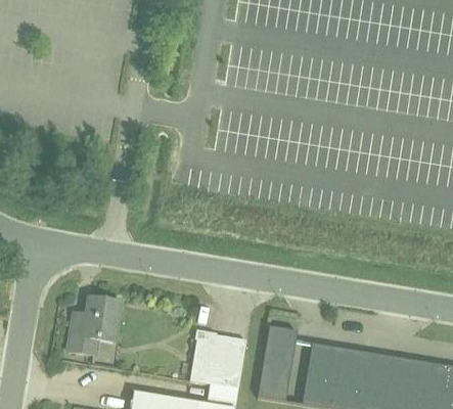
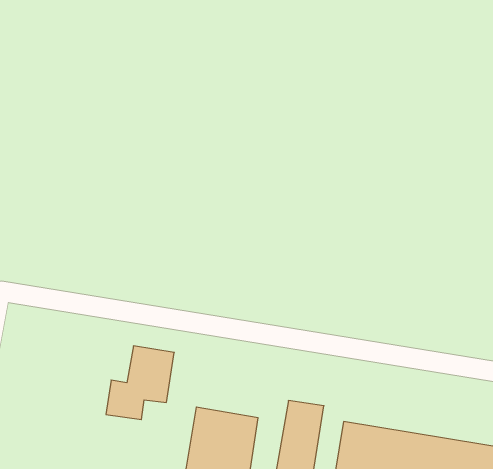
building: [67,298,121,355] -> [106,346,174,420]

